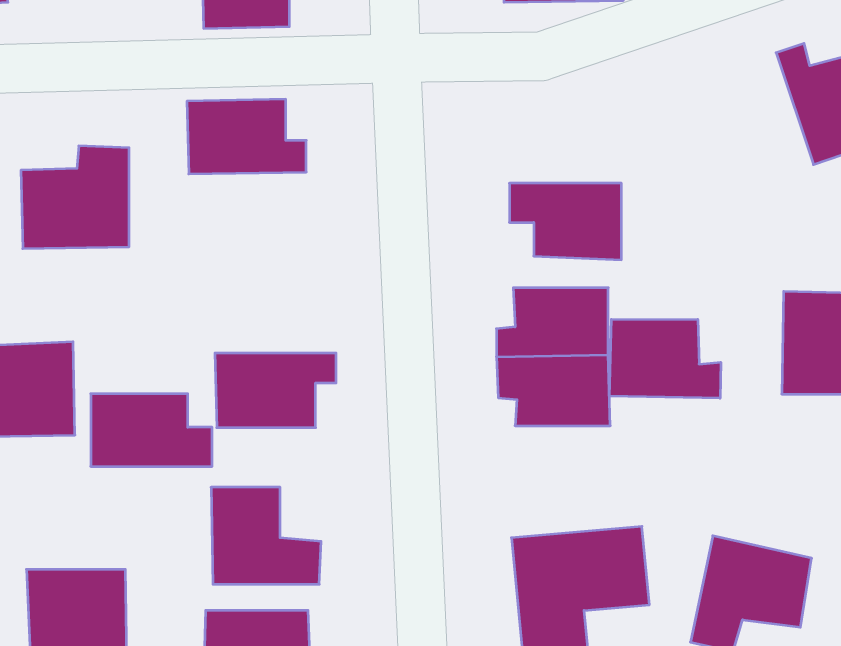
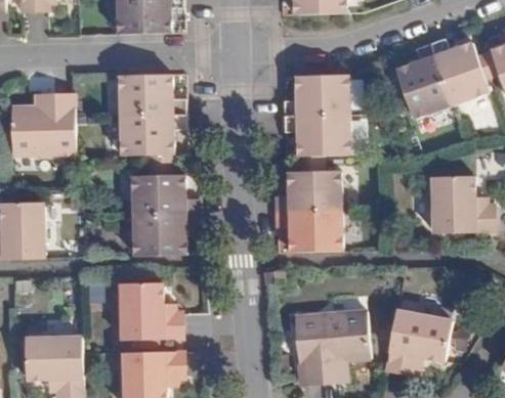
building: none -> [396,45,453,120]
building: none -> [285,76,347,117]
building: none -> [110,110,174,149]
building: [609,319,721,398] -> none
building: [91,394,212,466] -> [124,170,191,210]

